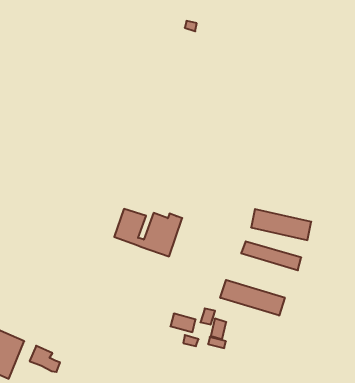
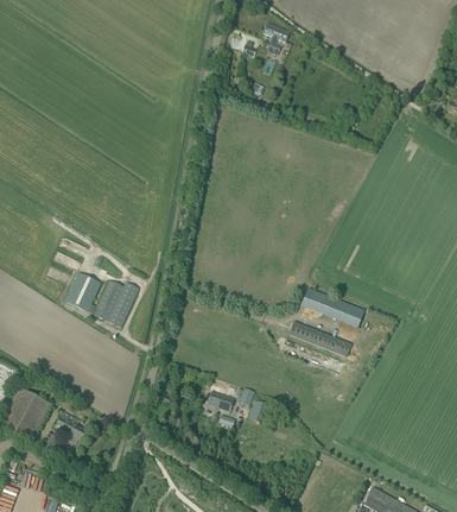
building: [114,209,182,256] -> [64,273,138,328]
building: [220,280,285,316] -> none

